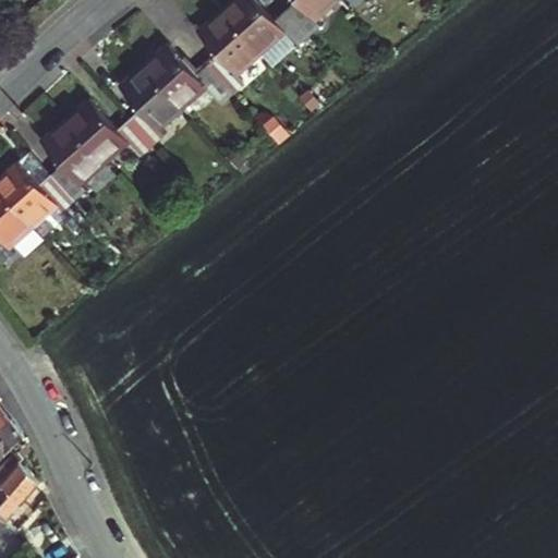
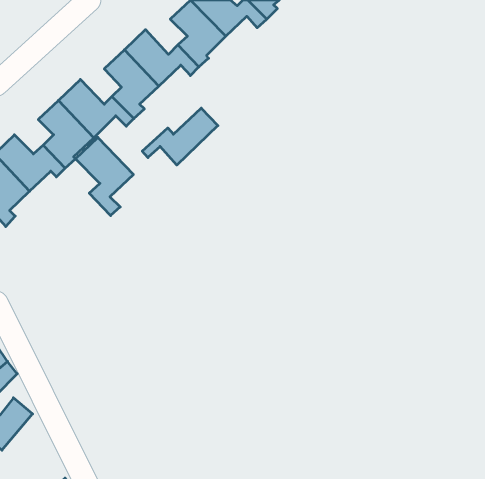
building: none -> [142,108,218,165]
building: none -> [76,137,133,216]

